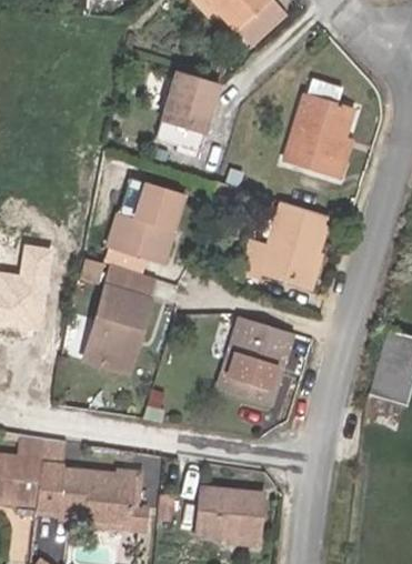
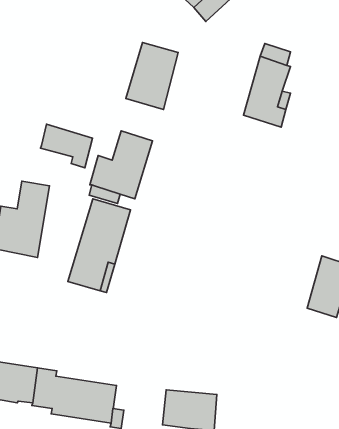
building: none -> [40,124,93,168]
building: [241,197,326,281] -> none
building: [217,310,291,399] -> none

